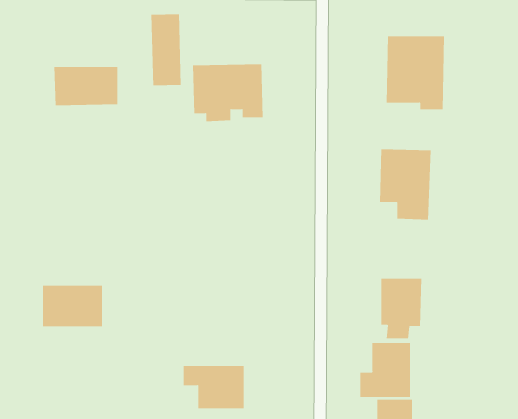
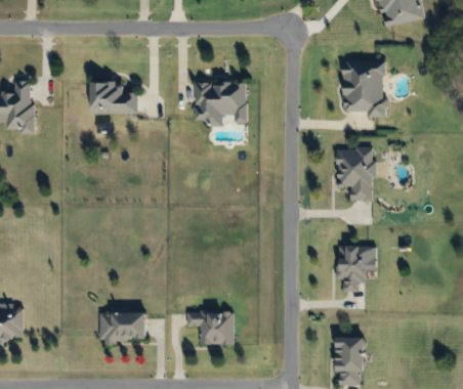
building: [151,13,181,86] -> none
building: [42,285,103,327] -> [99,311,145,343]
building: [360,342,411,398] -> none

